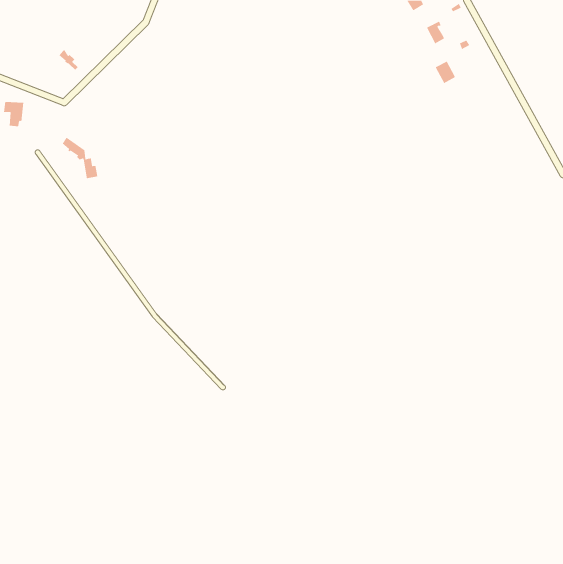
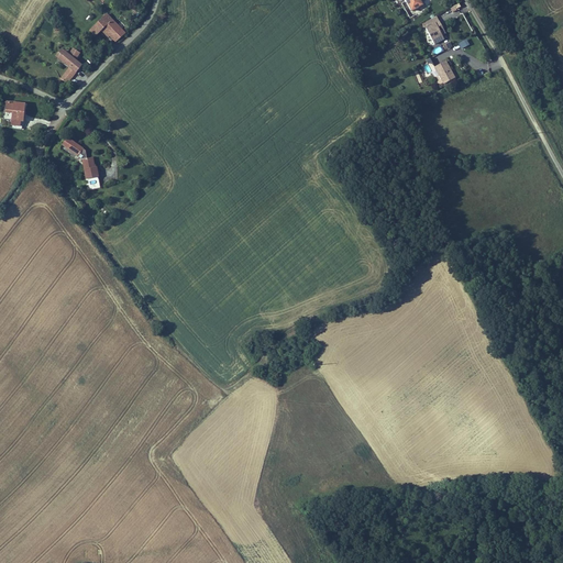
building: none -> [91,10,128,40]

